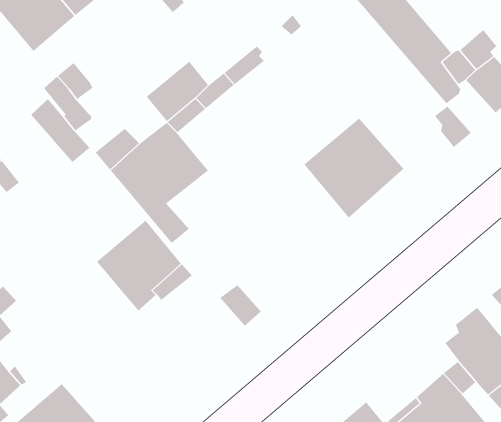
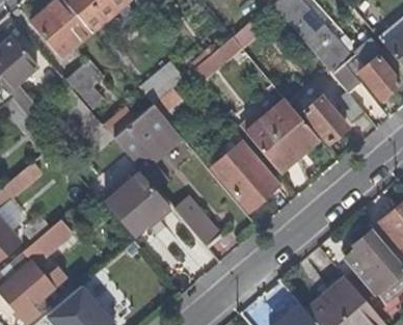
building: none -> [303,97,347,141]
building: none -> [213,139,278,208]

